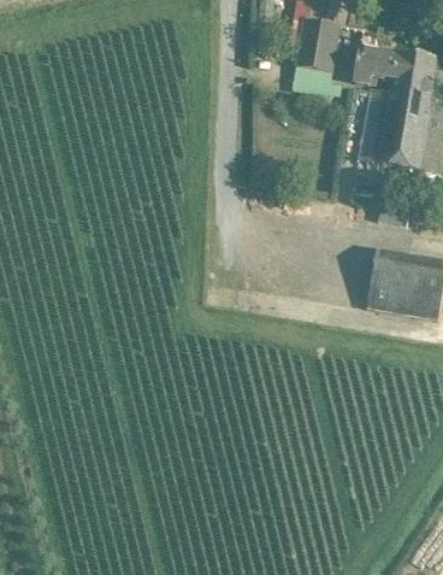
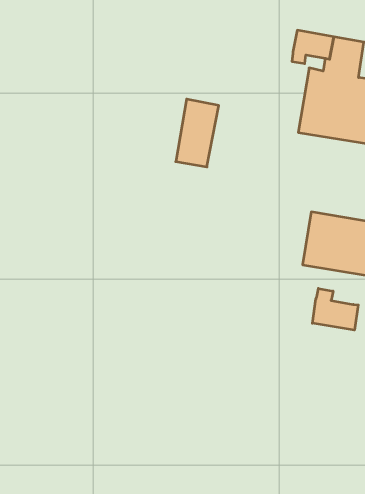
building: [291,18,339,94] -> [176,99,219,167]
building: none -> [312,288,358,330]

